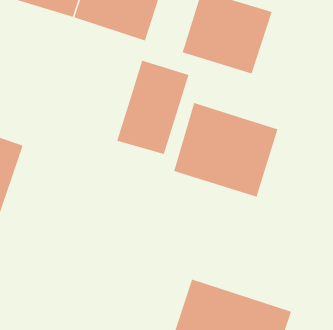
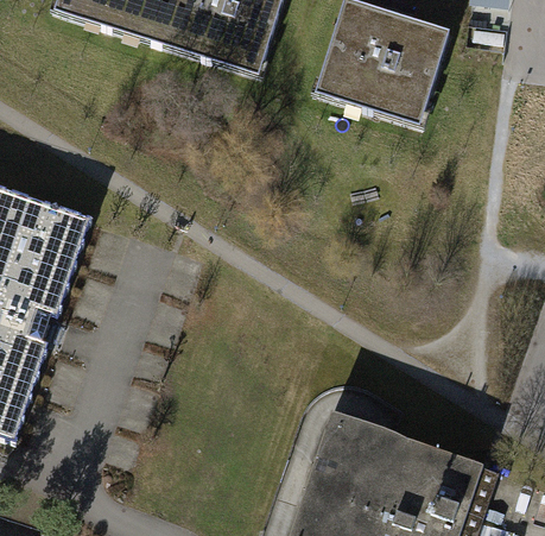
building: [116,60,189,155] -> none
building: [174,102,278,197] -> none

